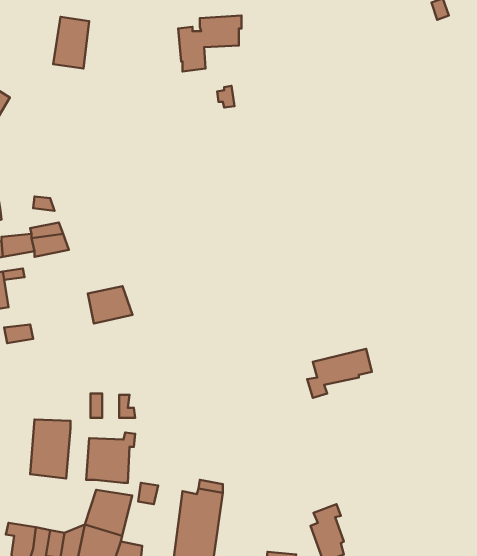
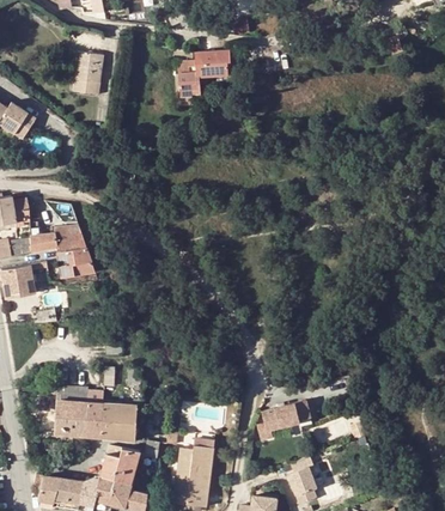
building: [88,286,133,324] -> [57,247,95,278]
building: [307,349,372,398] -> [256,401,310,442]
building: none -> [84,389,103,438]

